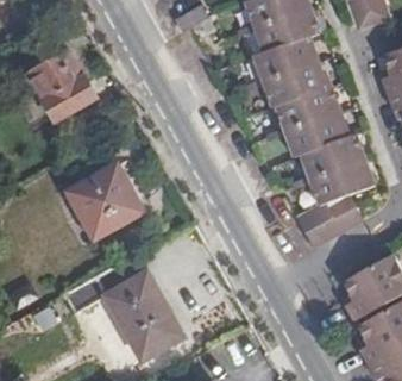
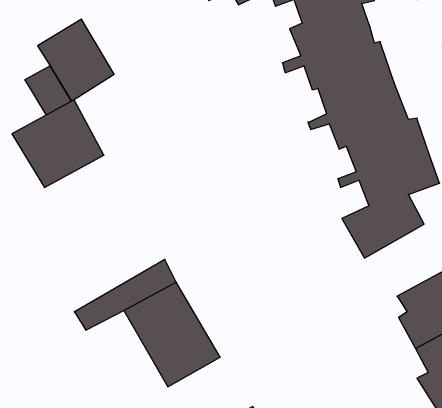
building: [73,163,150,237] -> [12,100,104,188]

